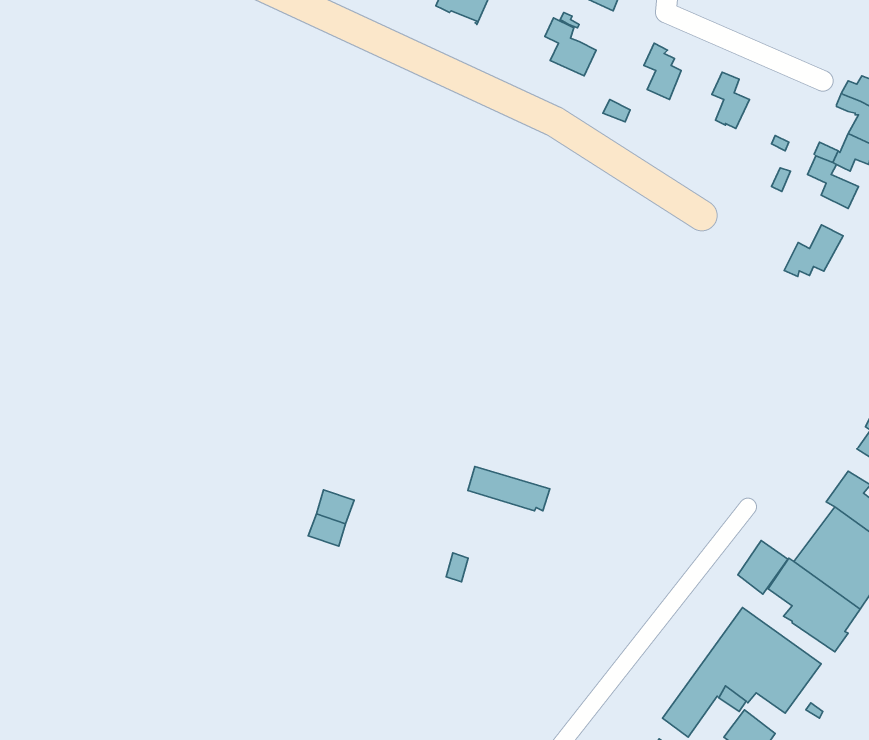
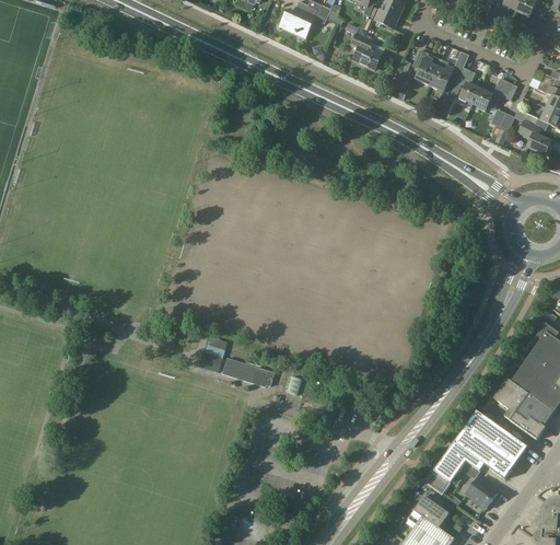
building: none -> [430,50,469,90]
building: none -> [472,77,506,109]
building: [784,225,843,277] -> none
building: [468,467,550,511] -> [221,357,273,385]
building: [738,541,788,594] -> none

